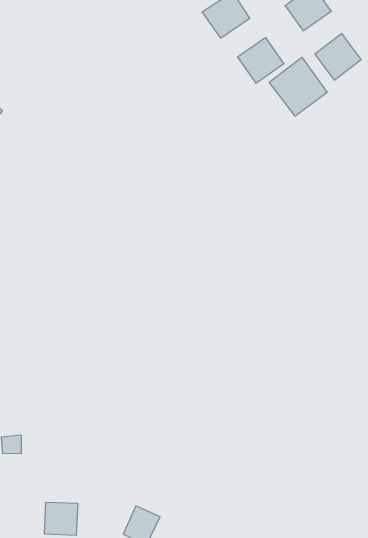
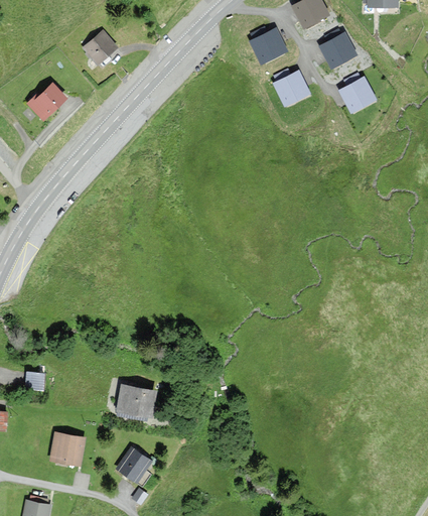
building: none -> [83,28,119,64]
building: [269,57,327,116] -> none
building: none -> [118,386,155,417]

